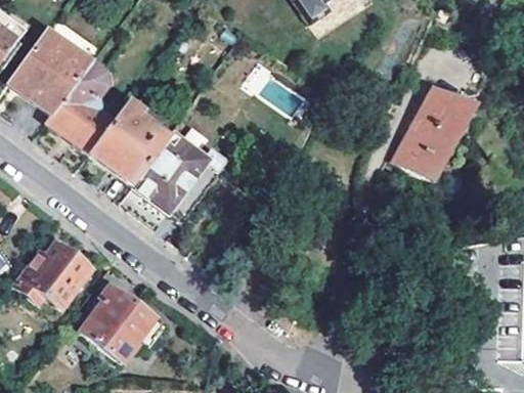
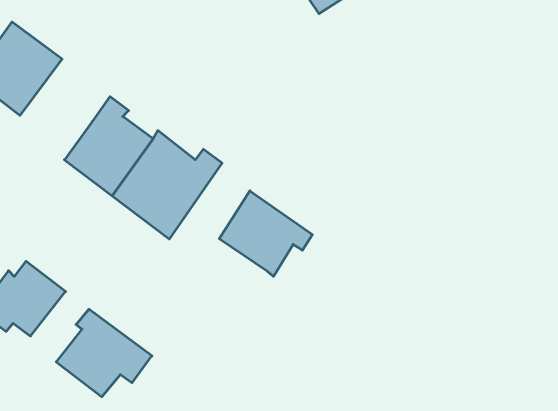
building: [45,60,114,151] -> none
building: [398,87,475,174] -> none
building: none -> [219,191,312,276]

